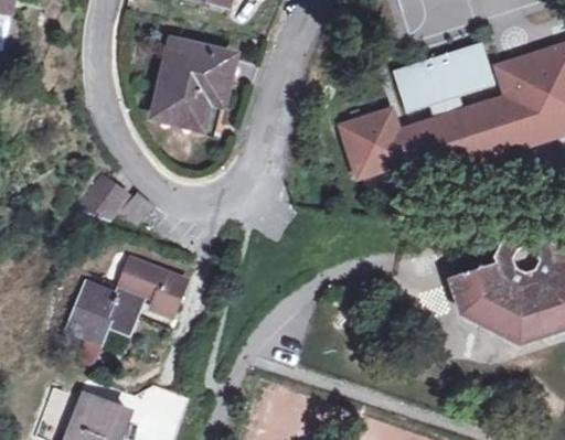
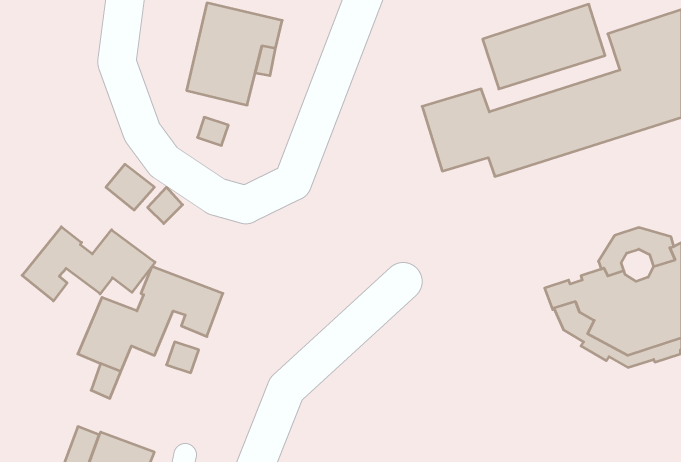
building: none -> [22,227,155,301]

